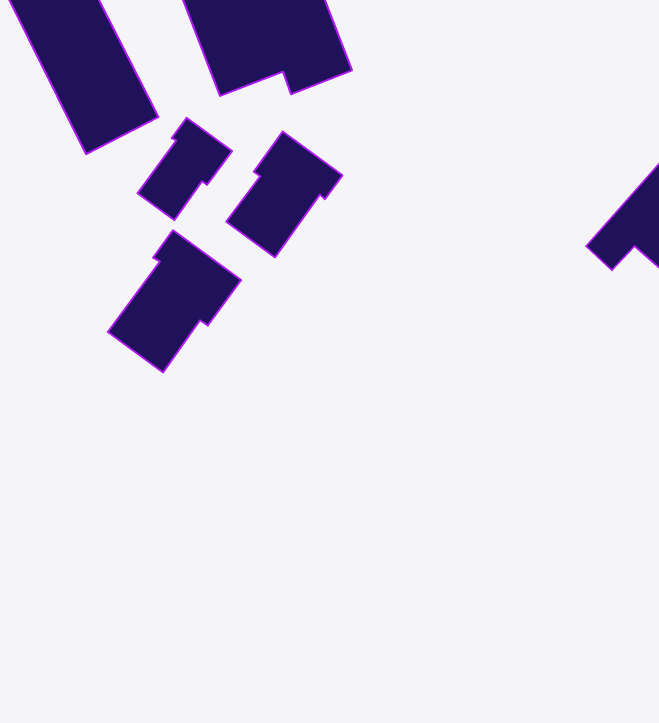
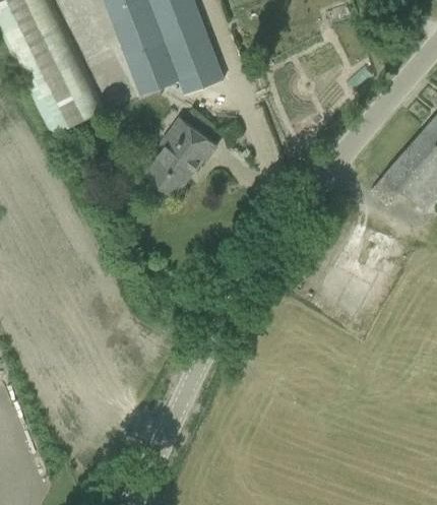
building: [137,118,232,220] -> none
building: [108,230,241,372] -> none

